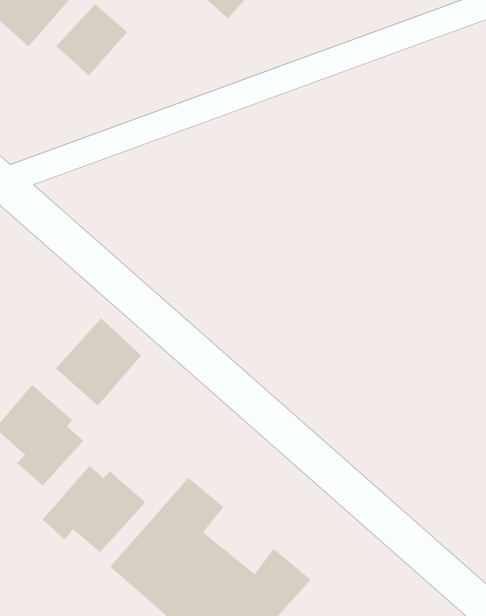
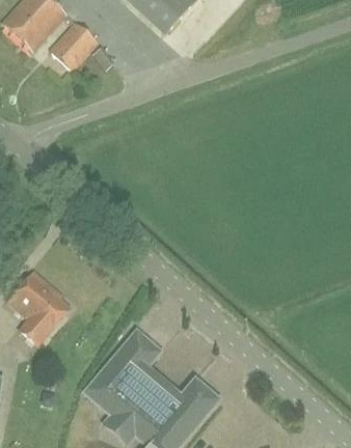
building: [55,317,142,406] -> none
building: [42,465,146,553] -> none

